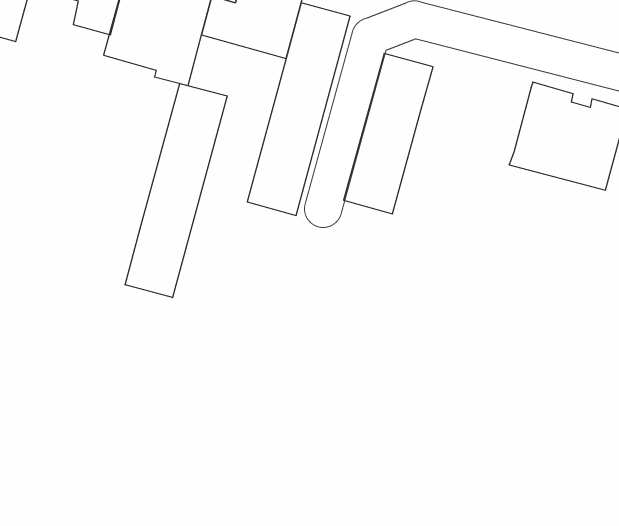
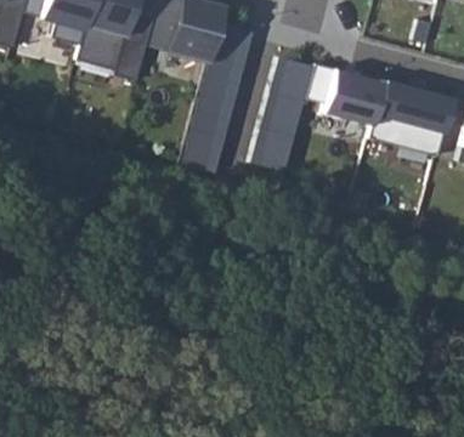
building: none -> [305,62,384,127]
building: [125,83,227,298] -> none

